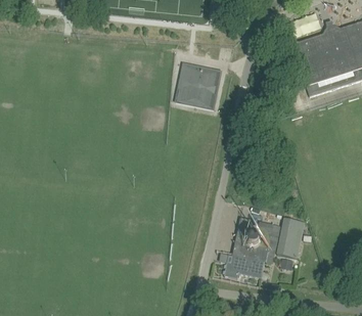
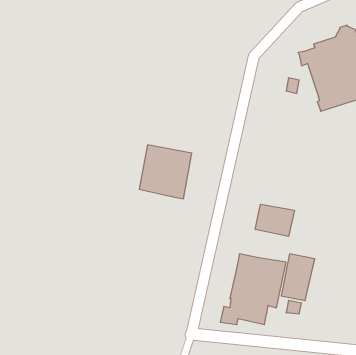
building: [176,63,221,109] -> [139,145,192,199]
building: none -> [255,204,294,236]

